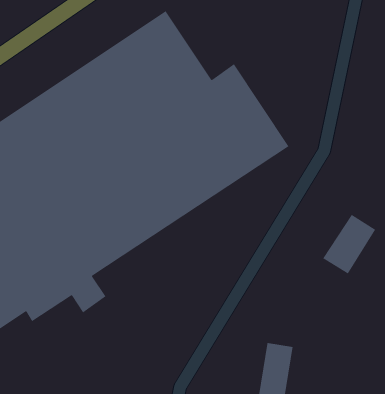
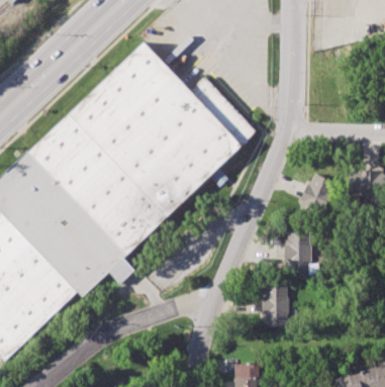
building: none -> [287,233,310,278]

